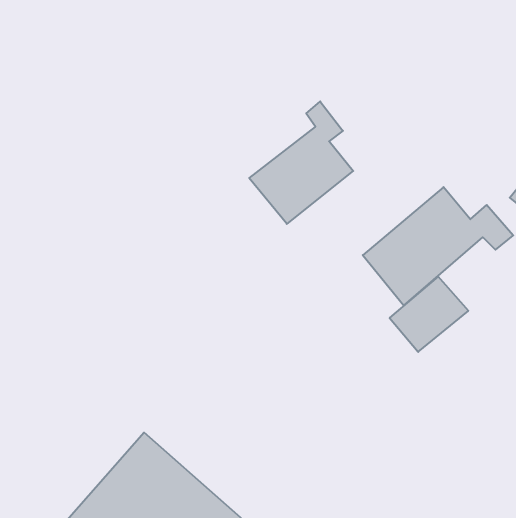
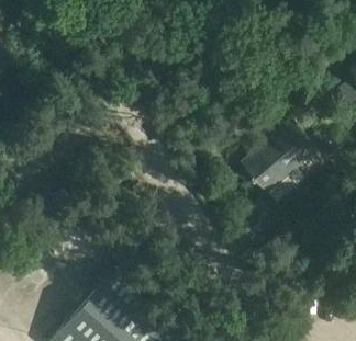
building: [249,101,353,224] -> none

